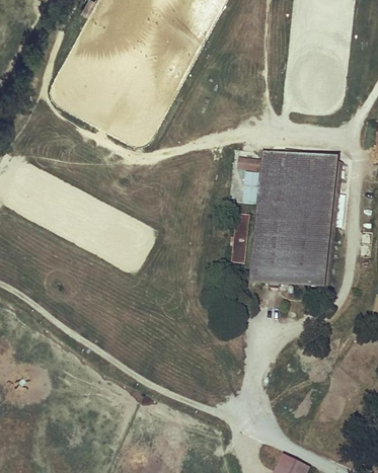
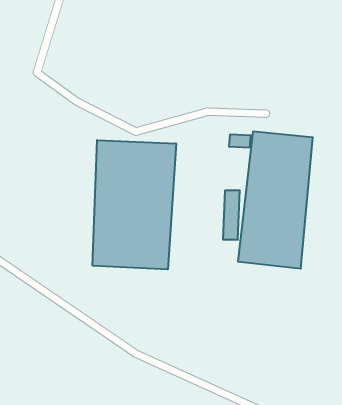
building: [309,155,342,290] -> none
building: none -> [93,140,176,269]

